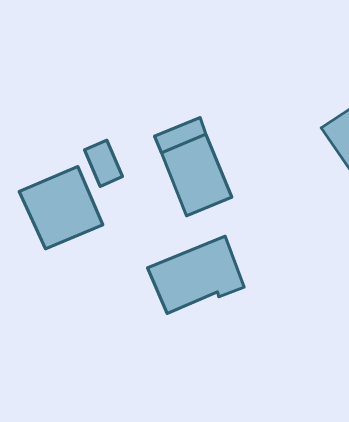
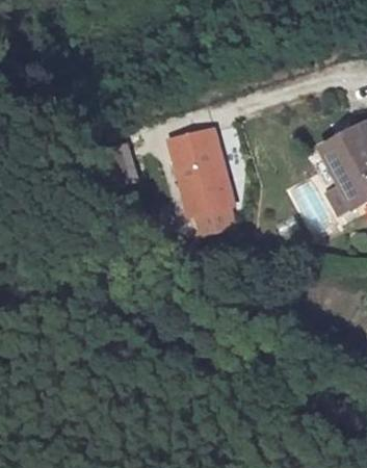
building: [19,166,103,249] -> none
building: [148,236,244,313] -> none

